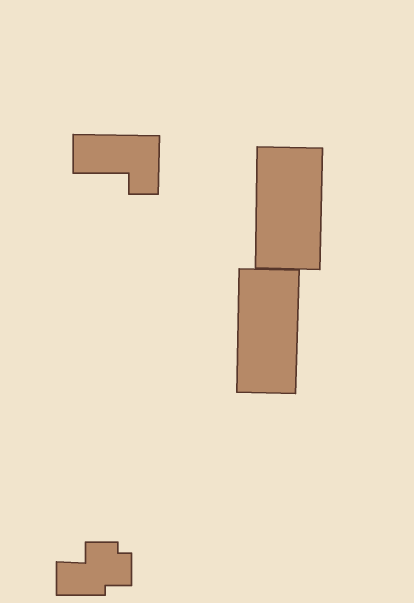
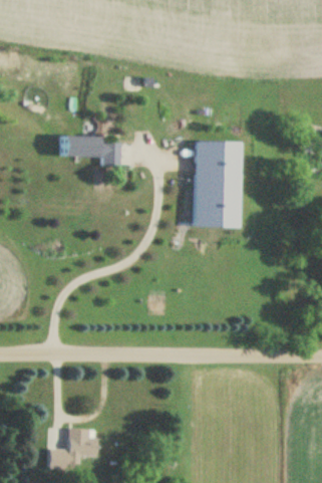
building: [237,269,299,393] -> none

